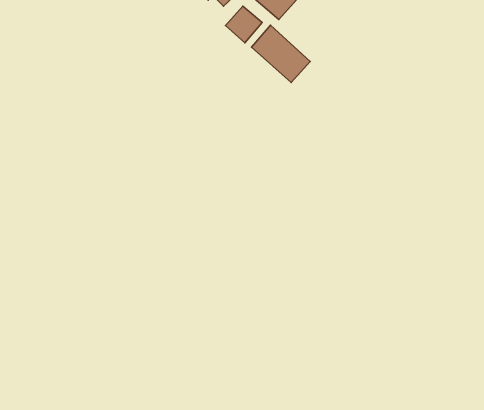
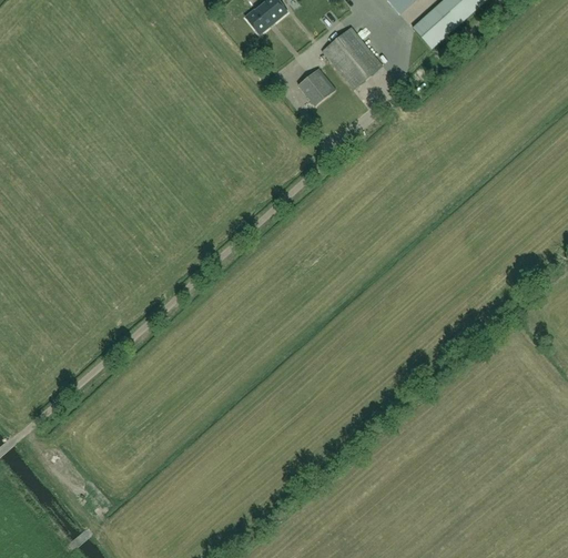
building: [252,25,310,82] -> none

